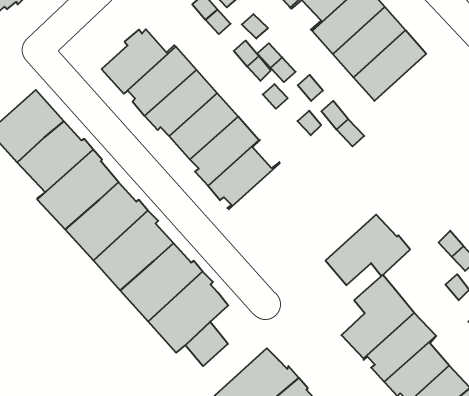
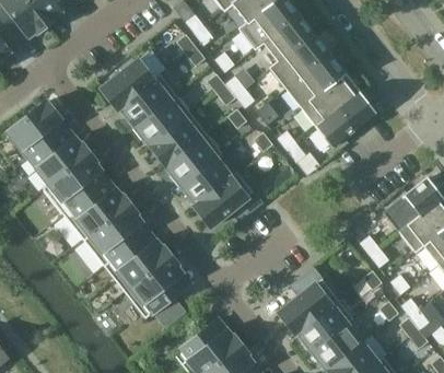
building: none -> [316,93,376,148]
building: [326,215,410,285] -> [195,173,262,228]

